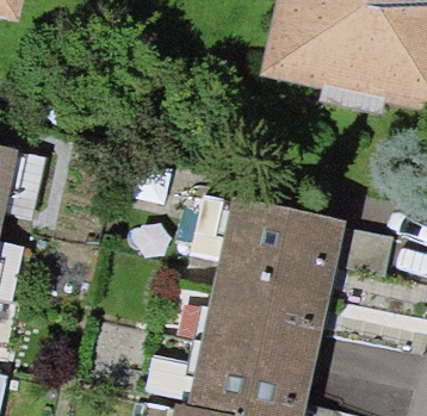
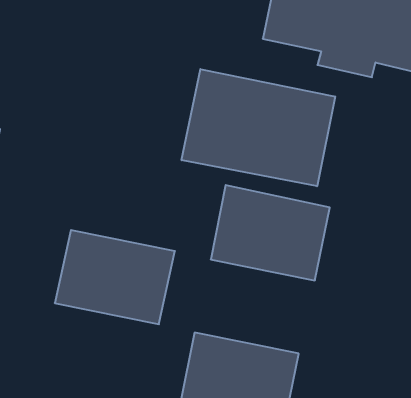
building: none -> [182,69,335,186]
building: [204,275,320,366] -> [55,230,175,324]

